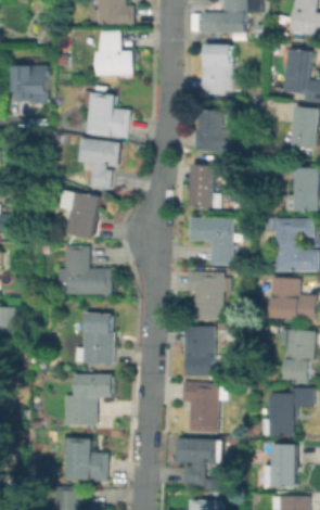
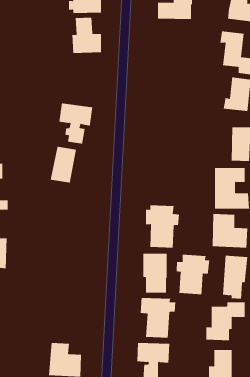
building: [200,43,240,95] -> none
building: [11,59,50,105] -> none
building: [85,85,130,140] -> none
building: [195,110,241,152] -> none
building: [190,164,222,208] -> none
building: [188,217,236,267] -> none
building: [55,246,110,294] -> none
building: [74,313,114,365] -> none
building: none -> [176,254,210,295]
building: [63,374,113,425] -> none

